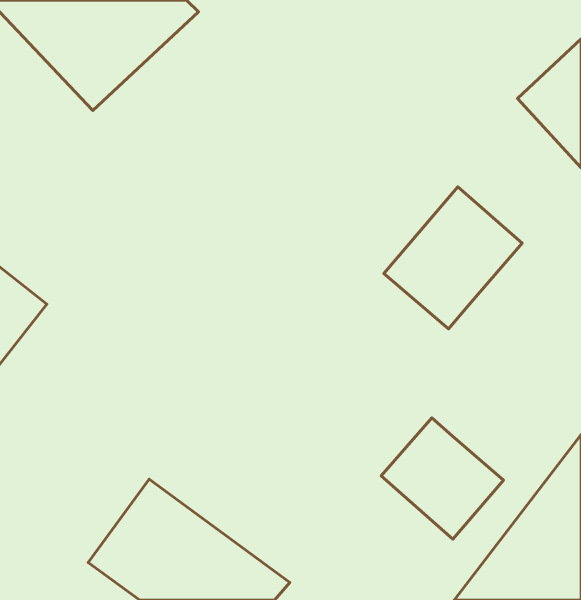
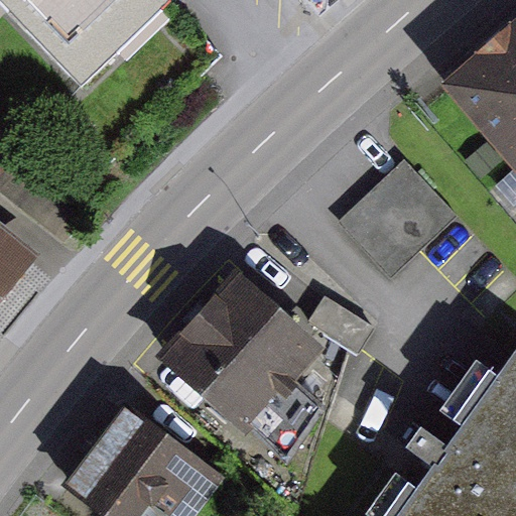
building: none -> [174,260,337,424]
building: [381,418,504,539] -> none

